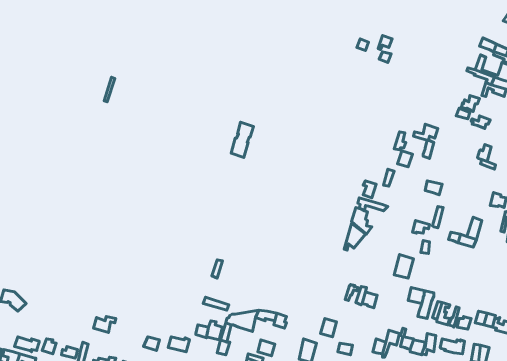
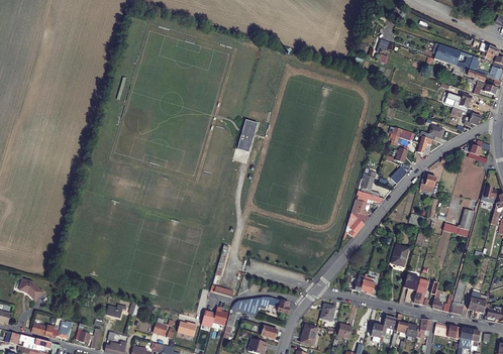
building: none -> [433,44,462,67]

